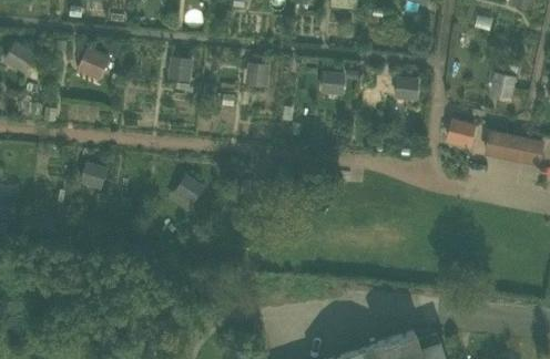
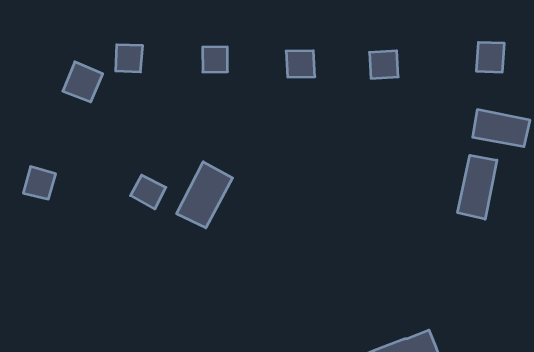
building: [75,44,112,81] -> [63,62,103,102]
building: [447,119,475,145] -> none
building: none -> [177,162,233,228]
building: none -> [458,155,497,219]

